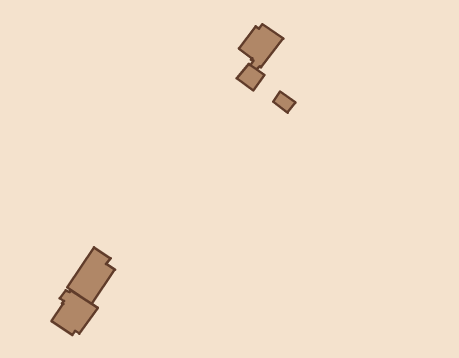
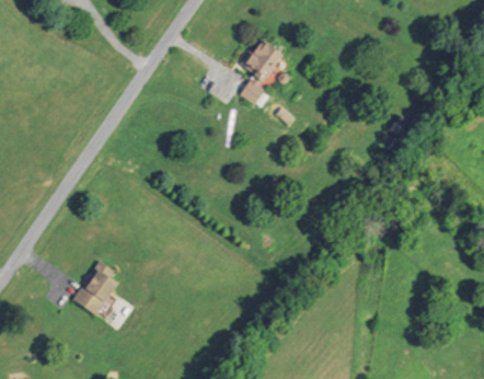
building: [52,290,98,335] -> none

